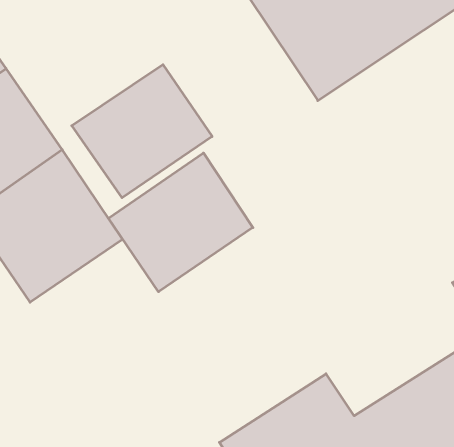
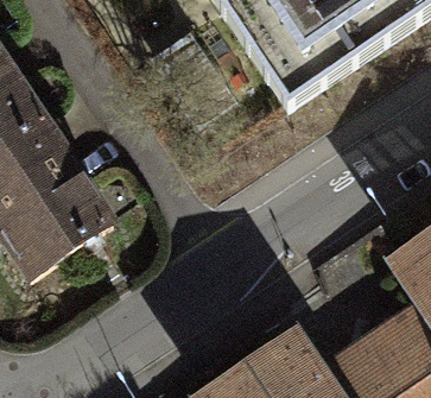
building: [72,65,212,198] -> none
building: [108,153,253,292] -> none

